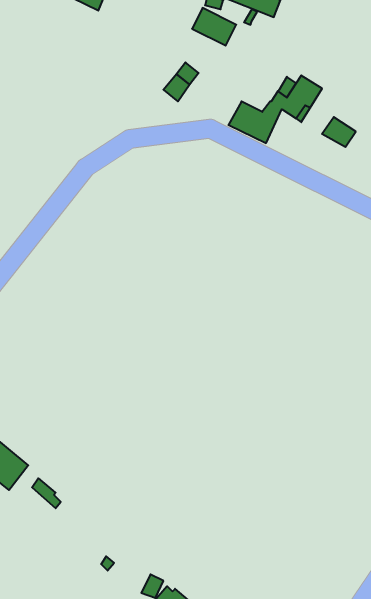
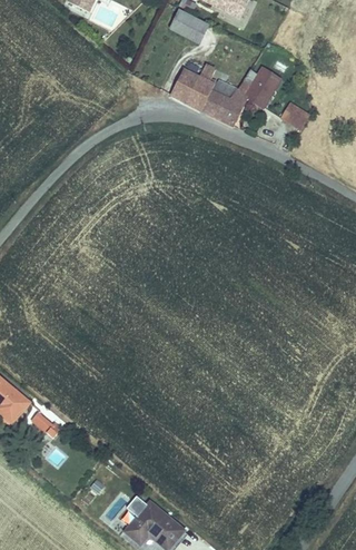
building: none -> [170,65,236,109]

